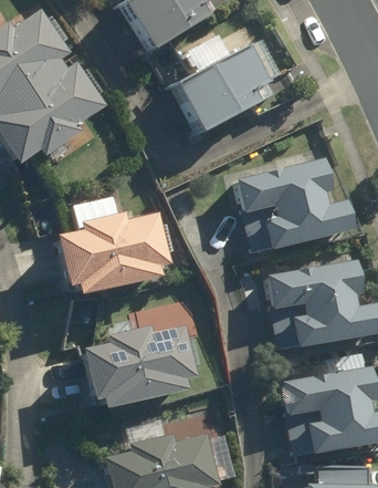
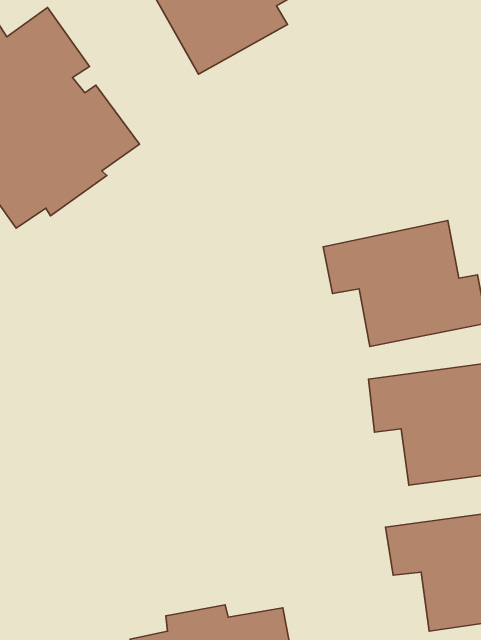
building: [171,43,276,136] -> none
building: [53,210,172,297] -> none
building: [81,322,196,411] -> none

